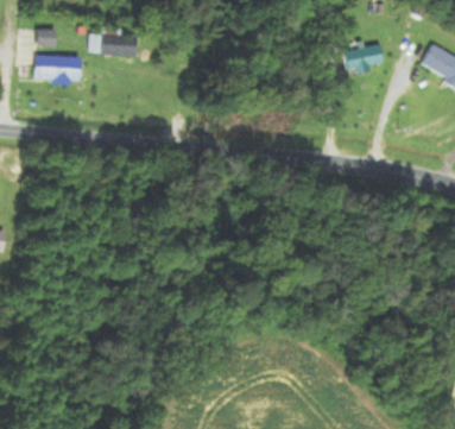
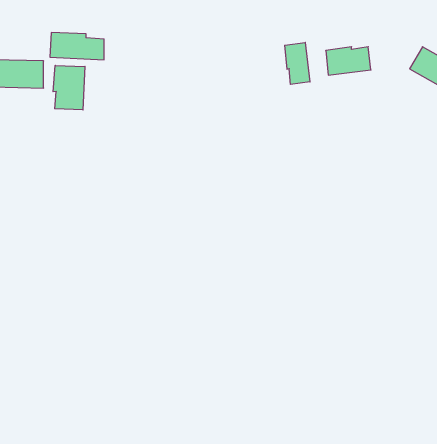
building: none -> [285,42,310,84]
building: none -> [53,65,85,110]

